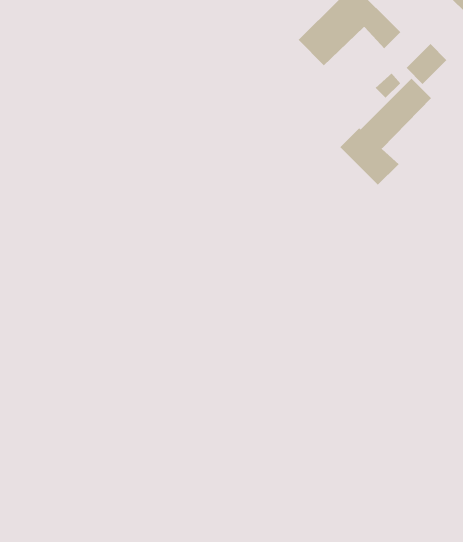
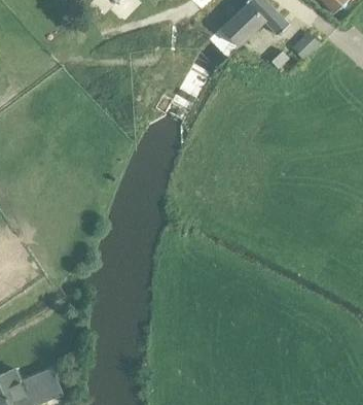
building: [339,78,432,186] -> none

